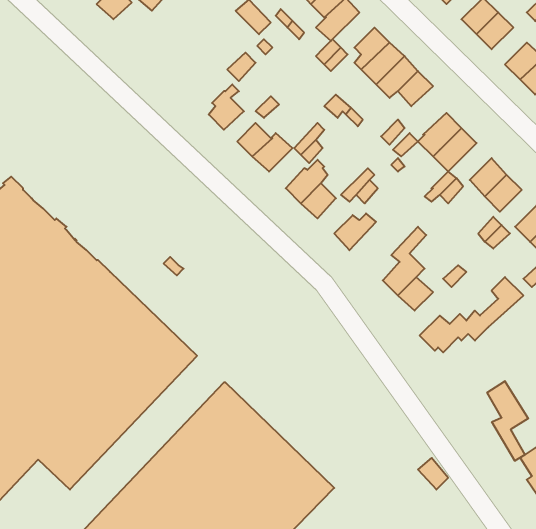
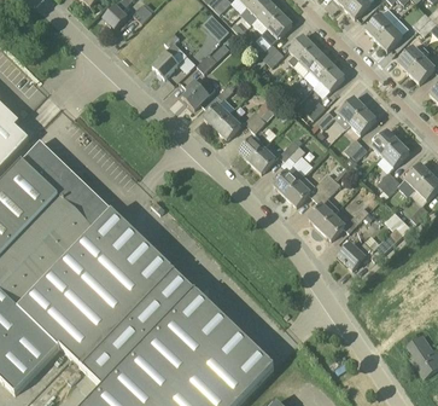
building: none -> [152,41,187,77]
building: none -> [285,172,334,205]
building: none -> [83,271,194,387]
building: [487,381,528,461] -> none

